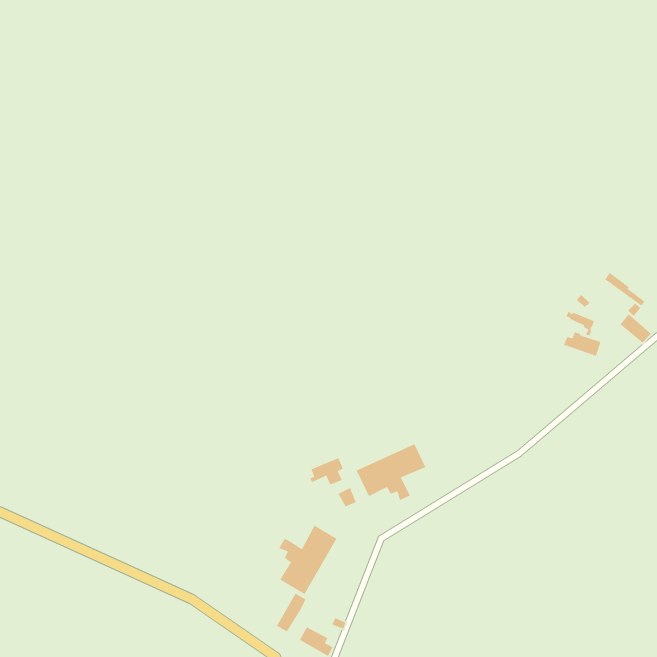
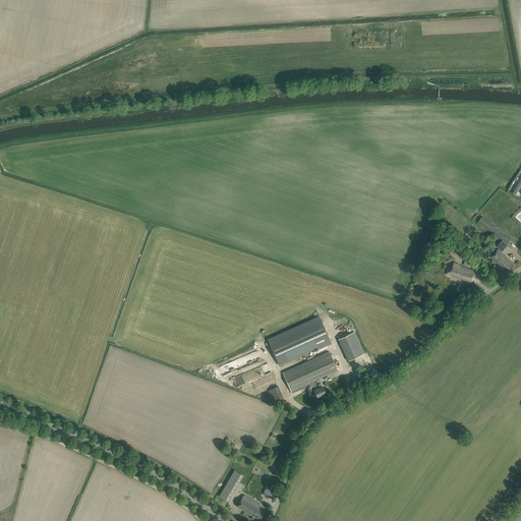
building: none -> [270,322,331,364]
building: none -> [337,331,363,359]
building: [278,524,338,595] -> none

